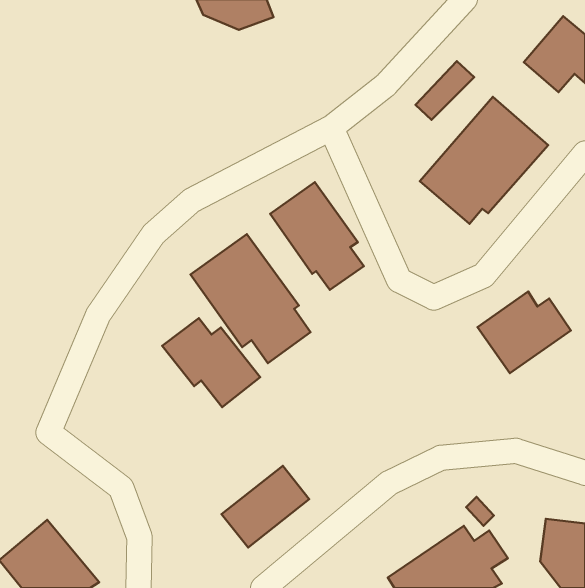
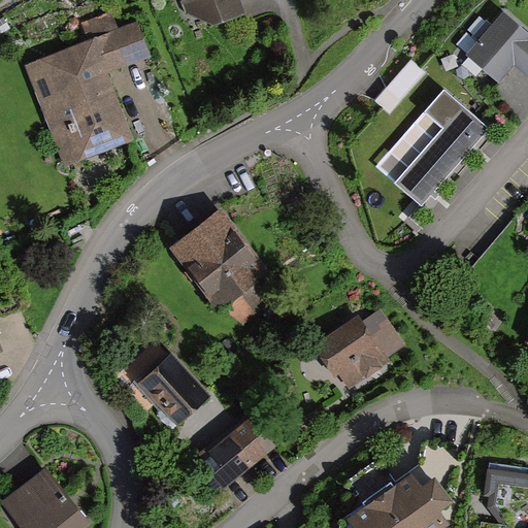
building: none -> [25,18,146,169]
building: [270,182,364,290] -> none
building: [477,291,571,373] -> [318,314,401,387]
building: [162,318,260,407] -> [121,345,208,425]

